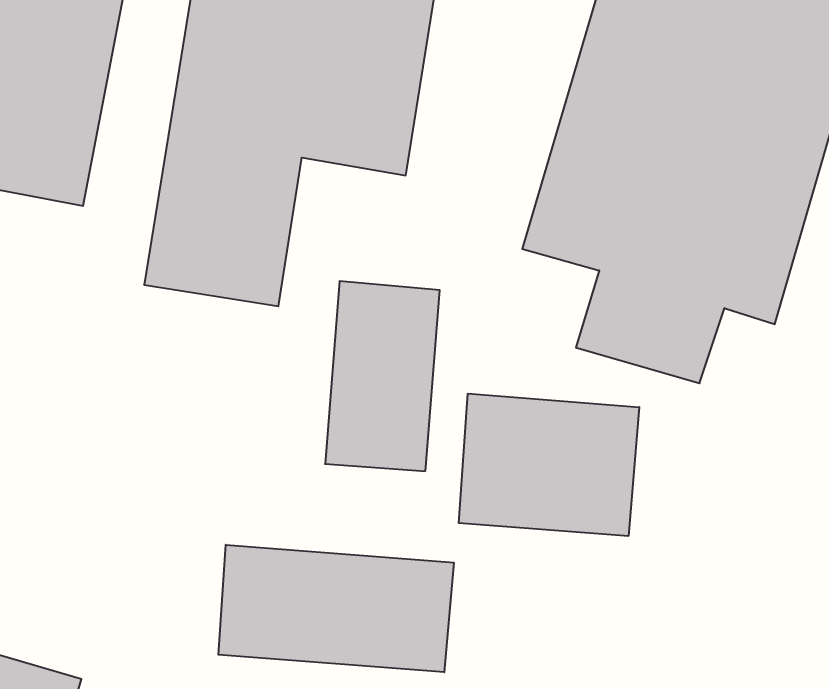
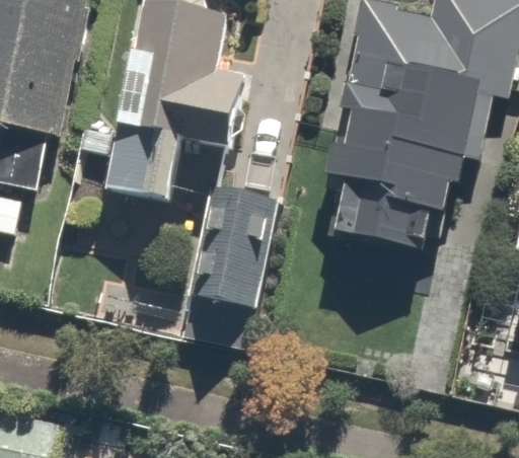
building: [459,394,639,536] -> none
building: [218,545,454,672] -> none

